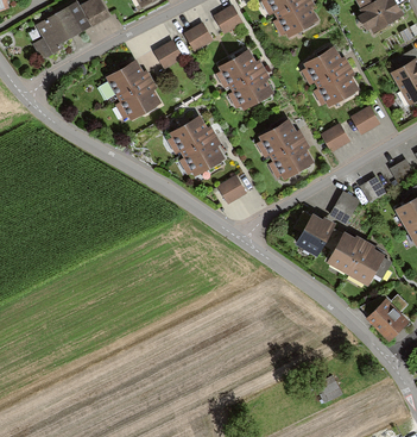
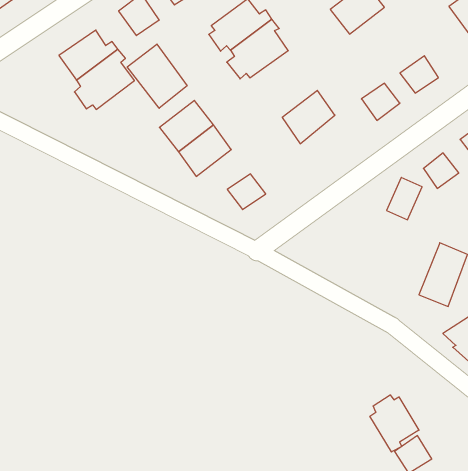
building: [317,68,355,104] -> none
building: none -> [127,44,187,108]
building: [273,142,312,177] -> none
building: [297,212,339,257] -> none
building: [327,232,366,277] -> none
building: none -> [370,395,419,452]

